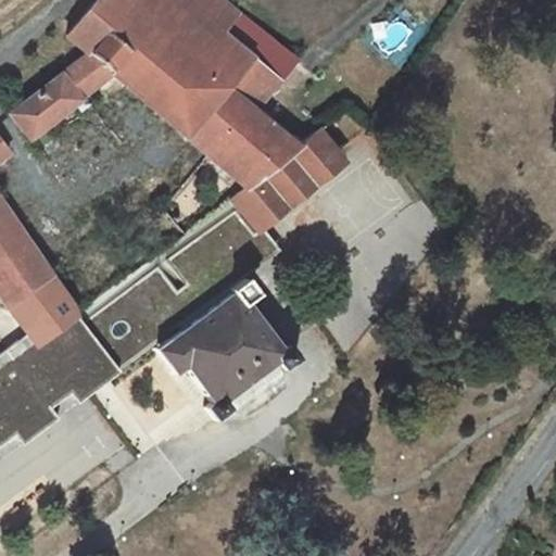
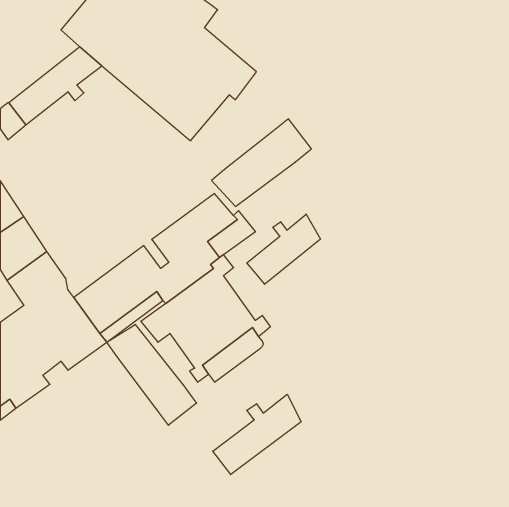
building: [224,11,296,78] -> none
building: [208,103,299,185] -> none
building: none -> [247,214,321,284]
building: none -> [107,324,197,425]
building: none -> [213,394,301,475]

